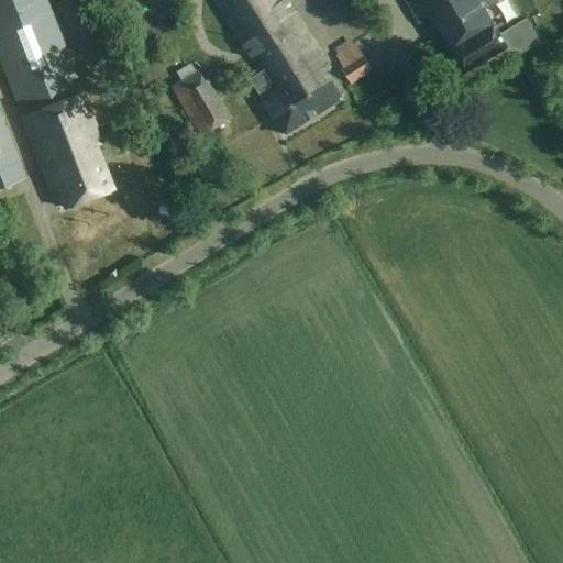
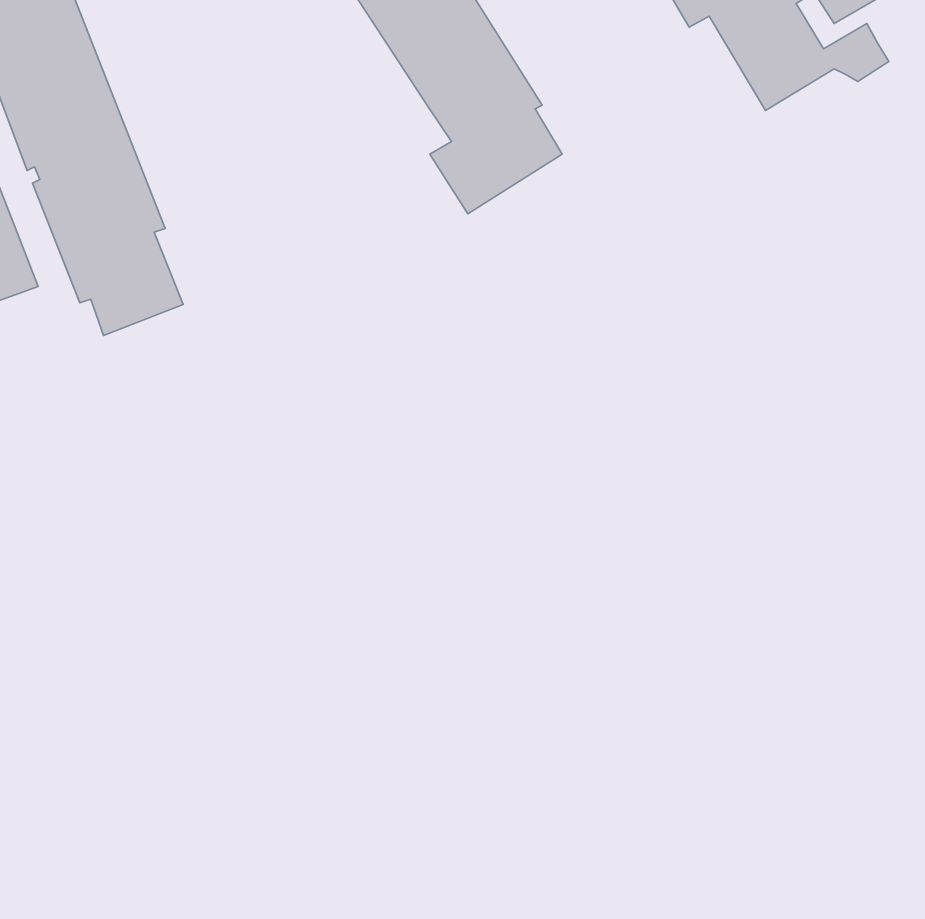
building: [334,40,372,79] -> none
building: [168,63,231,132] -> none

